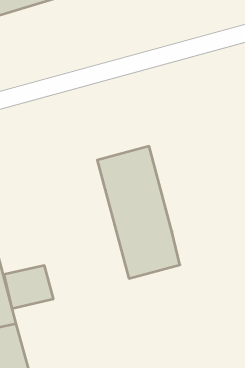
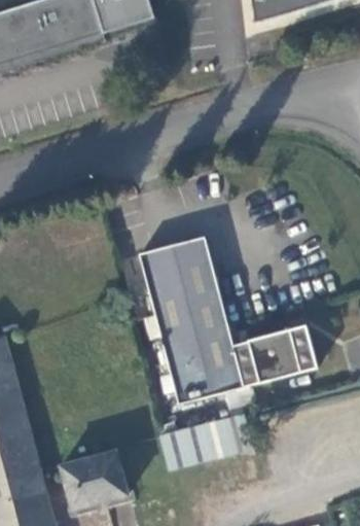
building: none -> [233,322,318,385]
building: [4,266,53,309] -> [64,451,127,505]
building: none -> [160,412,252,467]

